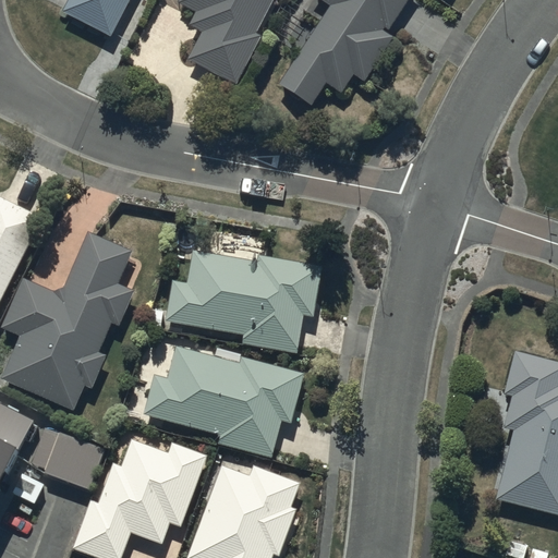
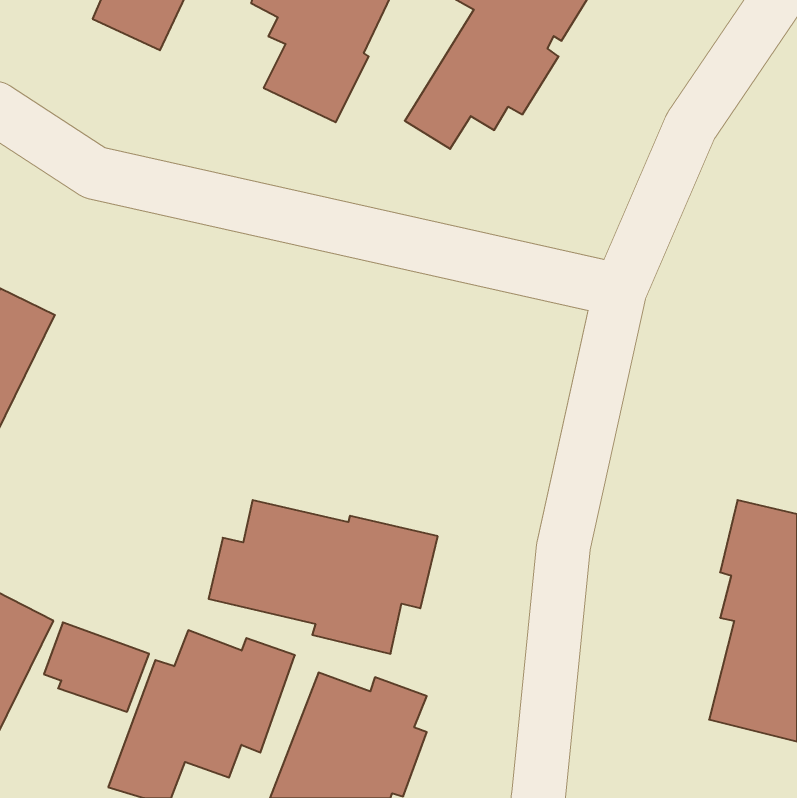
building: [4,235,132,410] -> none
building: [168,253,324,353] -> none

